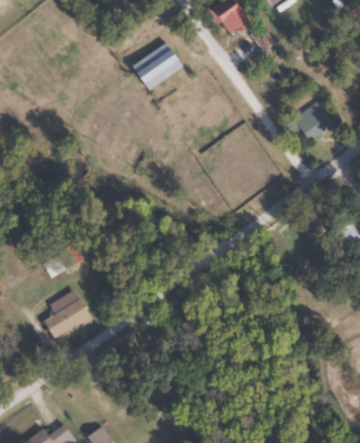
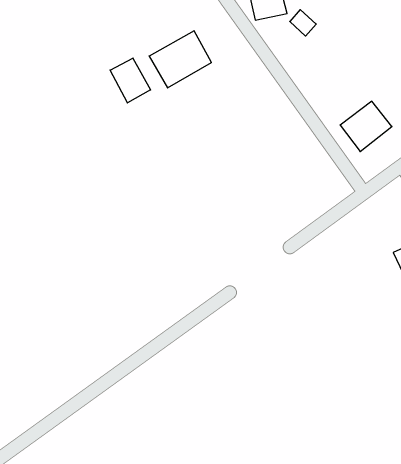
building: none -> [110,58,151,103]
building: [41,295,91,341] -> none

